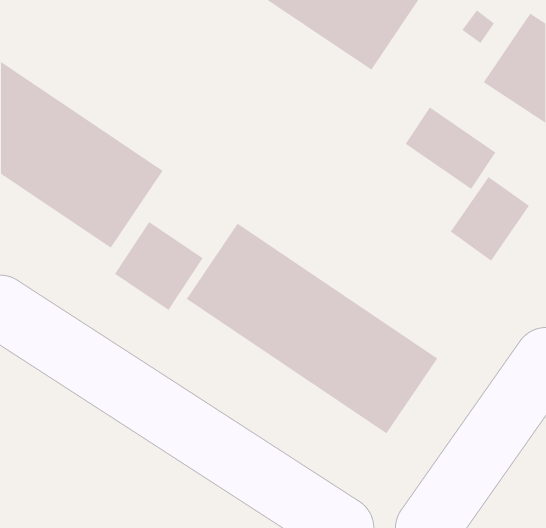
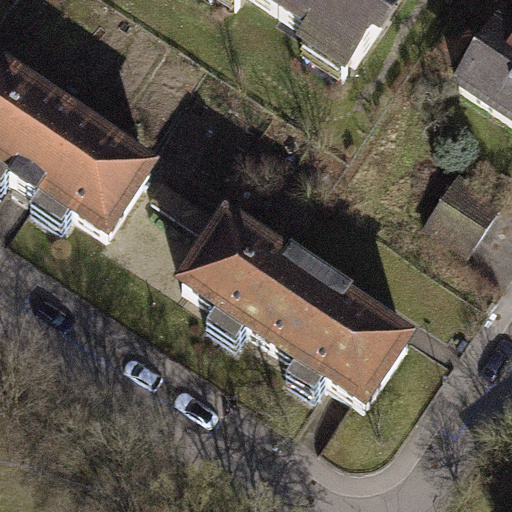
building: [405,106,496,190] -> none
building: [114,221,203,311] -> none

